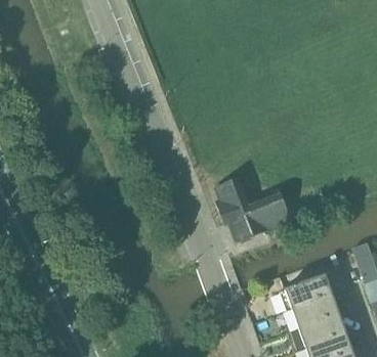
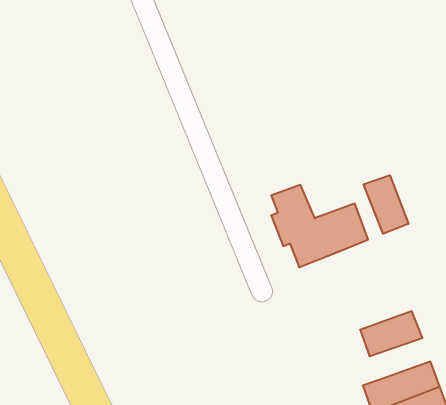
building: none -> [364,175,408,234]
building: [291,293,338,325] -> none

